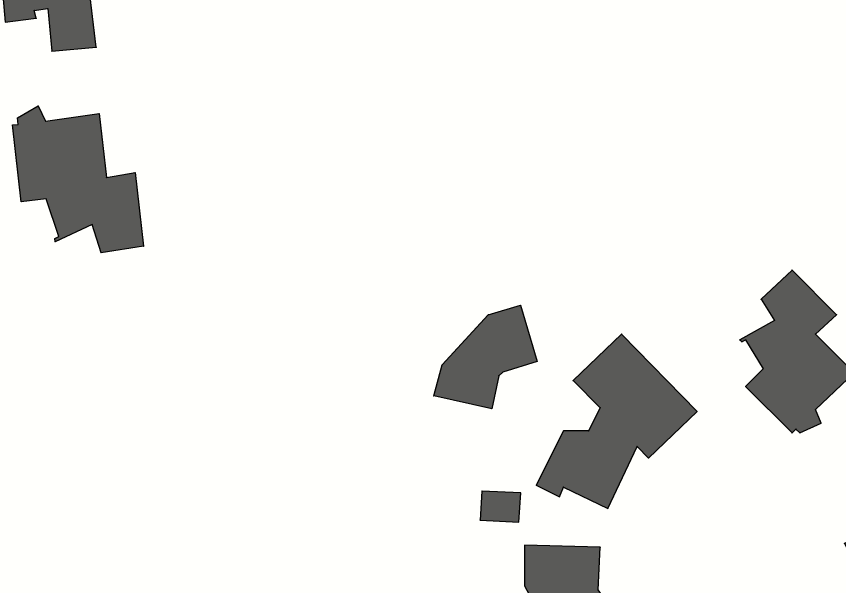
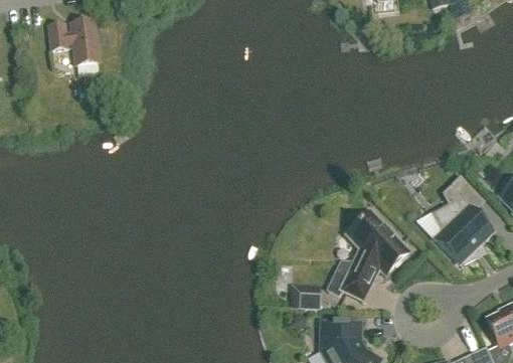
building: [13,106,144,253] -> none
building: [434,305,537,409] -> none

